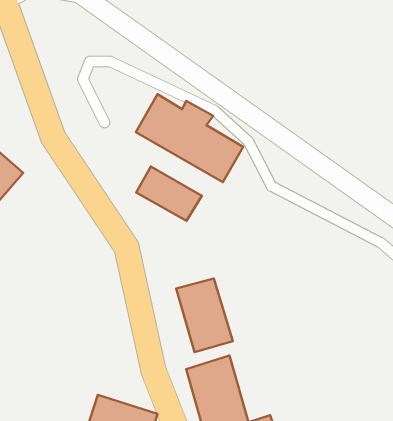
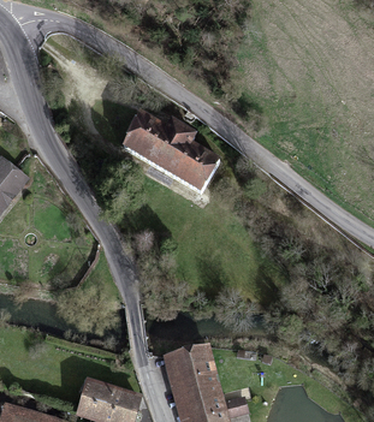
building: [136,166,202,221] -> none
building: [176,279,233,352] -> none

